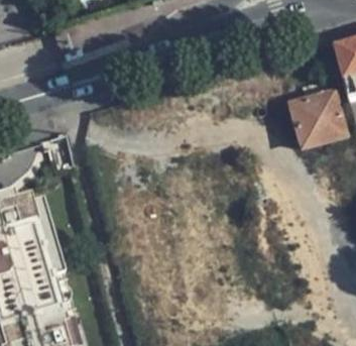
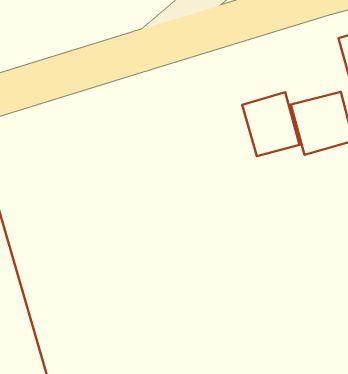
building: none -> [242,92,300,156]

